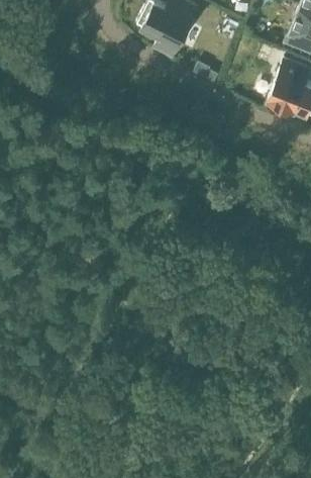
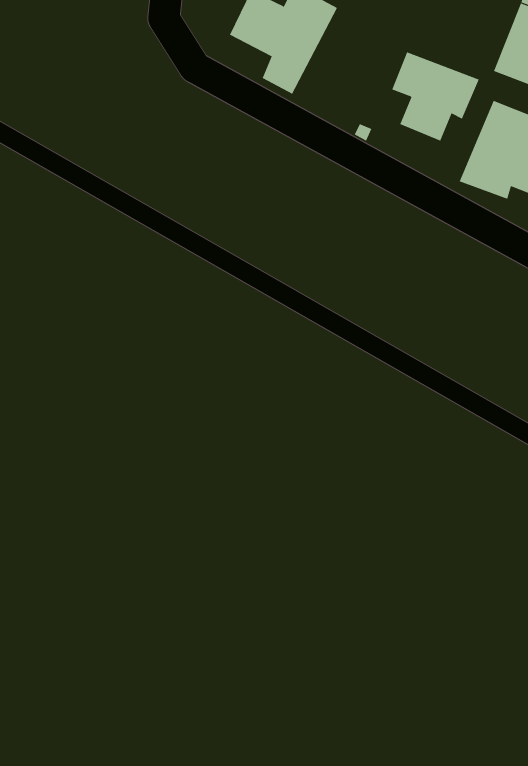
building: none -> [391,52,480,142]

